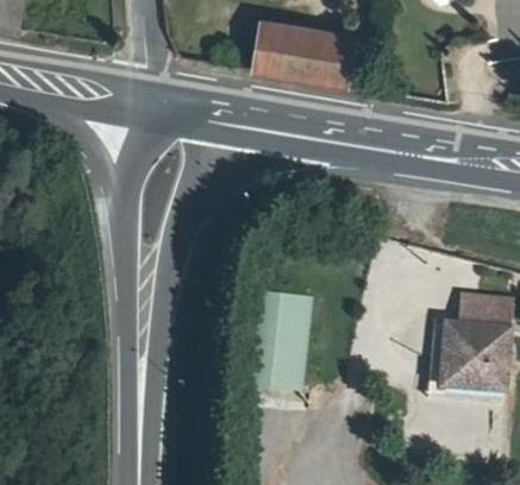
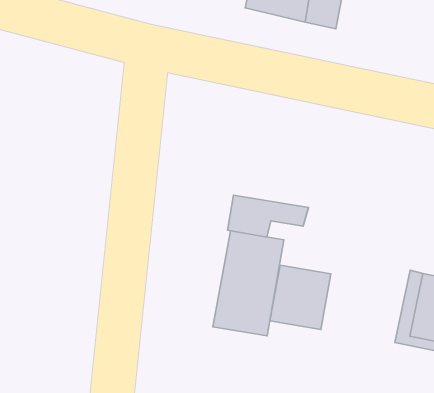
building: none -> [228,195,308,237]
building: none -> [270,265,331,329]

